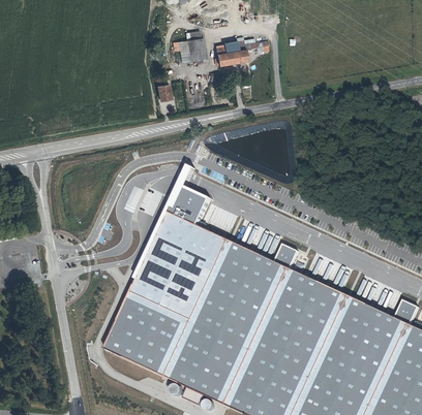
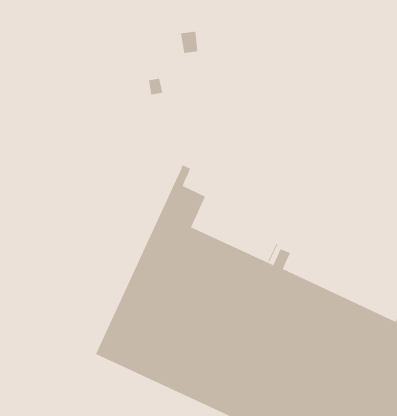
building: [218,40,248,65] -> none

